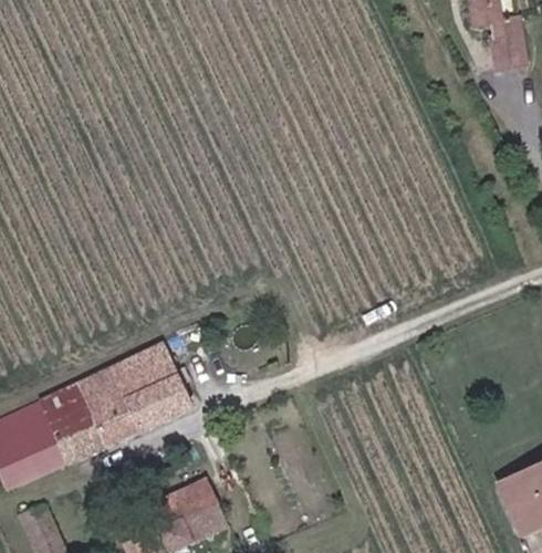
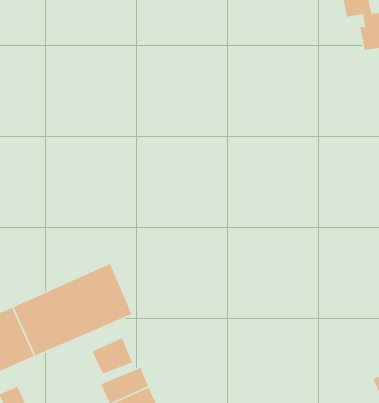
building: none -> [92,337,133,375]

